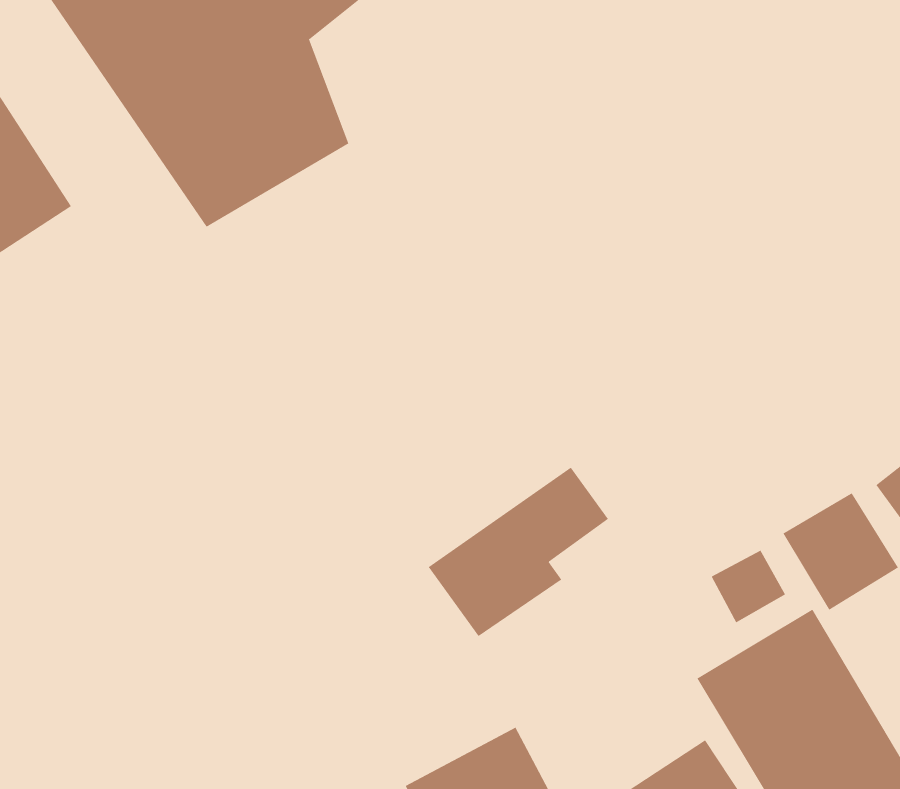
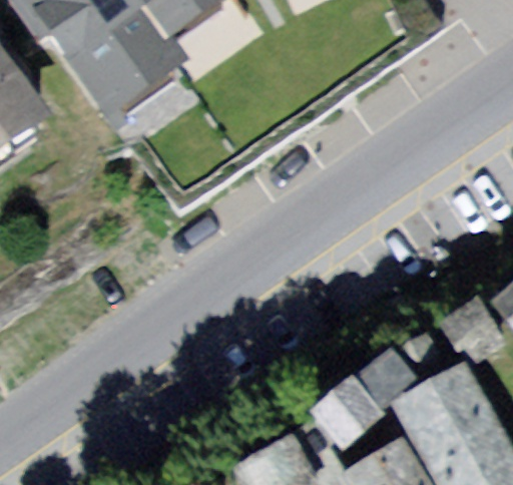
building: [428,467,609,637] -> [314,347,415,442]

